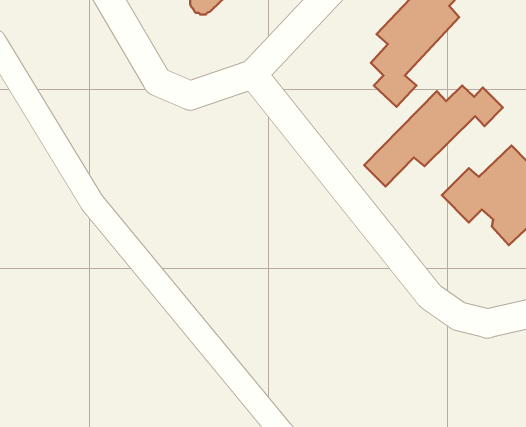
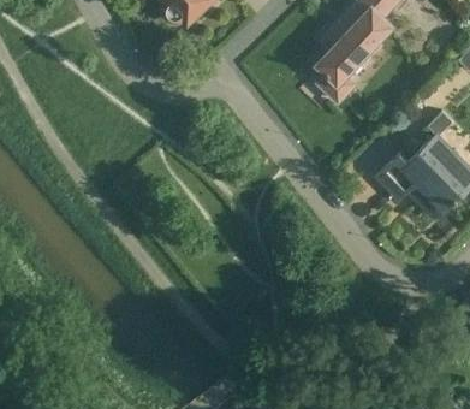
building: [364,85,503,187] -> none

